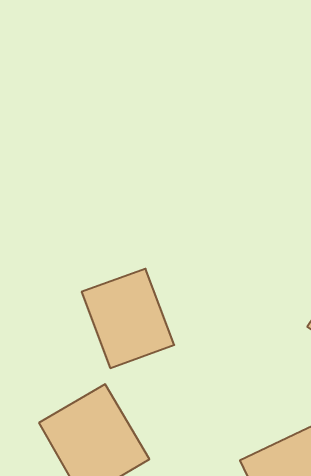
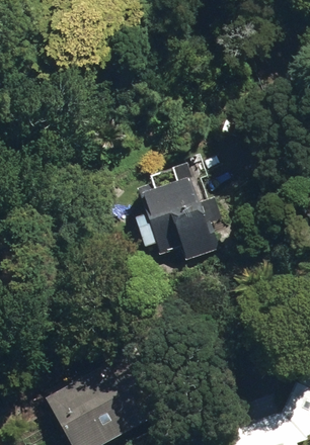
building: [82,269,174,368] -> [132,178,217,269]

